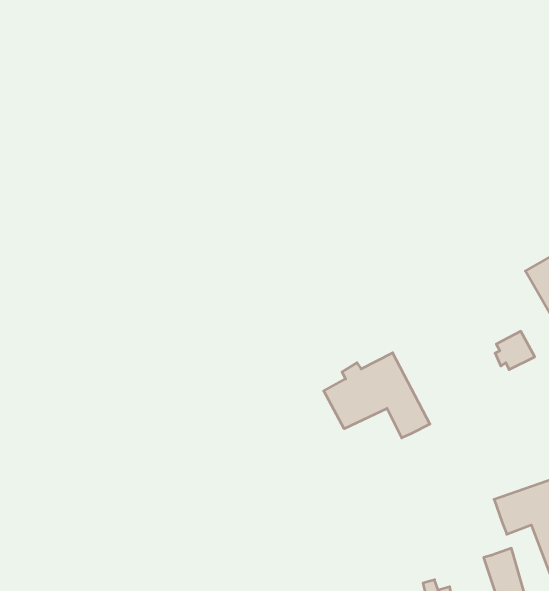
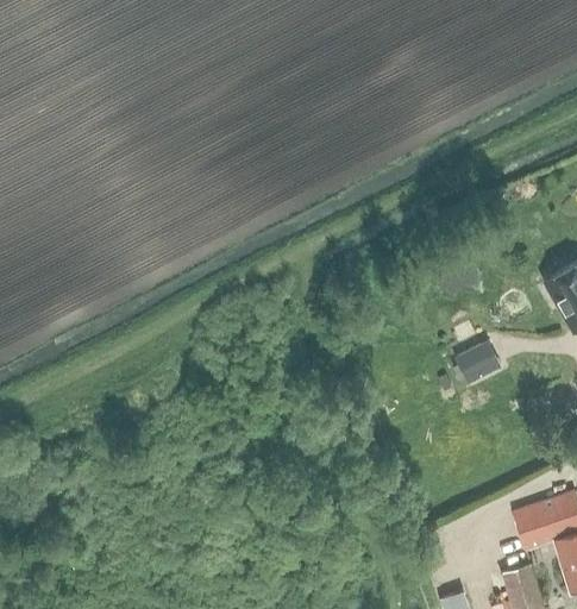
building: [495,331,535,370] -> [454,345,495,384]
building: [324,353,430,438] -> none

